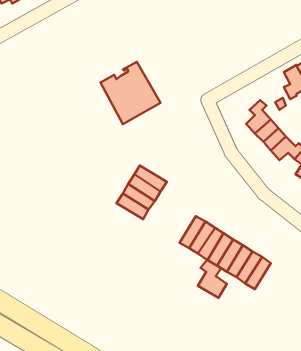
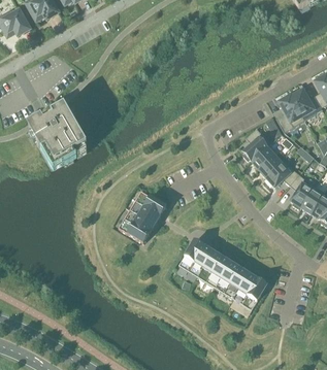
building: [100,62,160,124] -> [30,108,88,168]
building: [198,260,227,298] -> none

